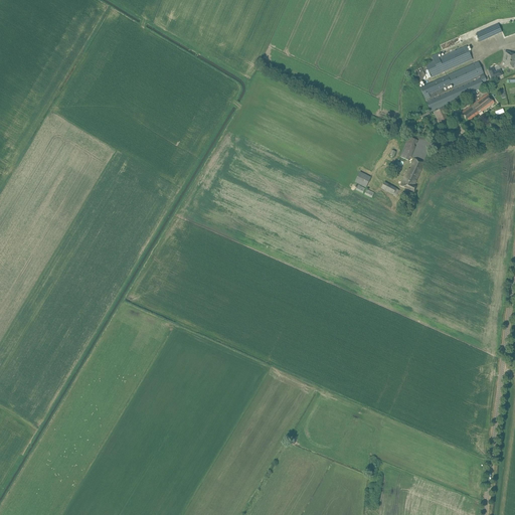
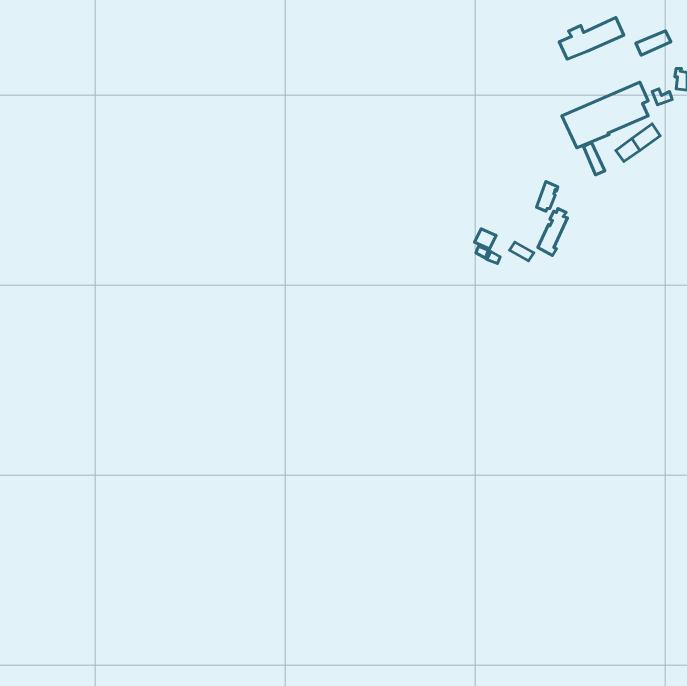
building: [424,45,473,76] -> [559,18,624,59]

